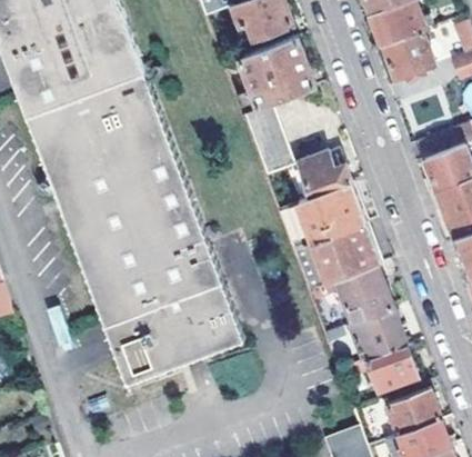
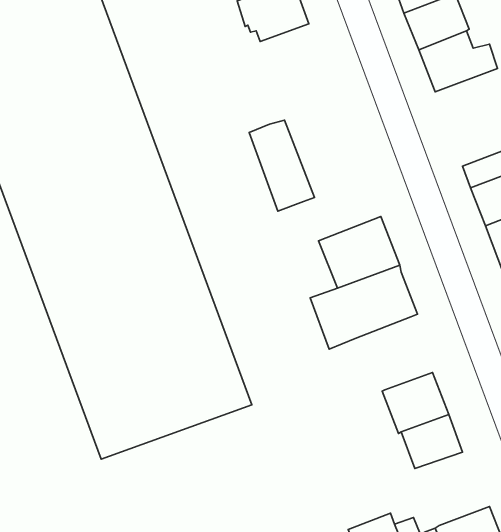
building: [242,38,317,108] -> none
building: [288,155,351,203] -> none
building: [330,266,393,326] -> none
building: [386,389,440,437] -> none

